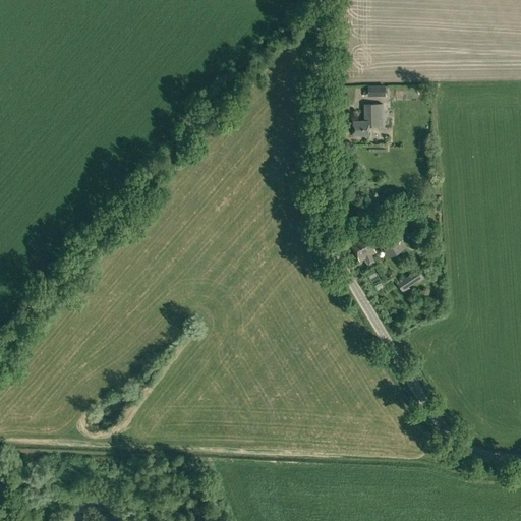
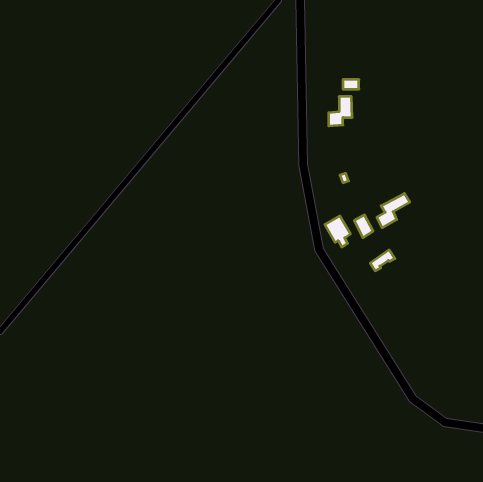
building: none -> [377,193,410,228]

